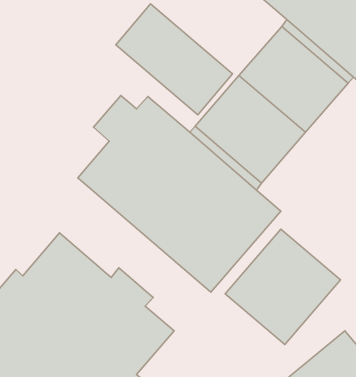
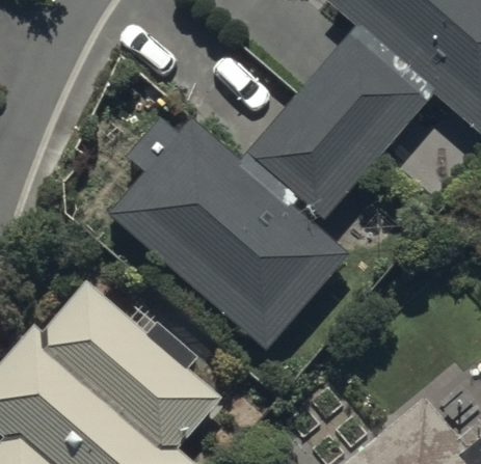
building: [116,4,233,115] -> none
building: [225,229,341,344] -> none

